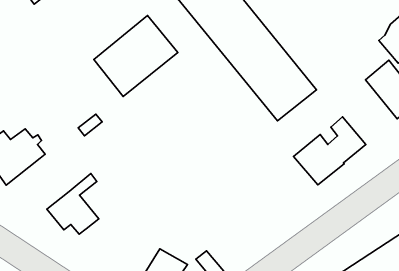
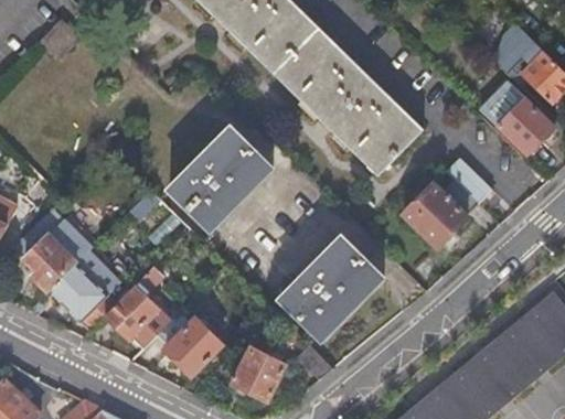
building: [94,15,178,97] -> [169,128,273,233]
building: none -> [49,254,128,331]
building: none -> [279,237,383,341]
building: none -> [154,314,220,375]

